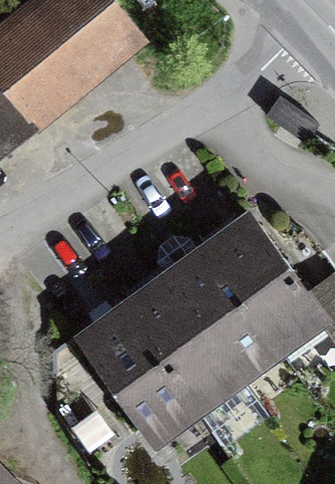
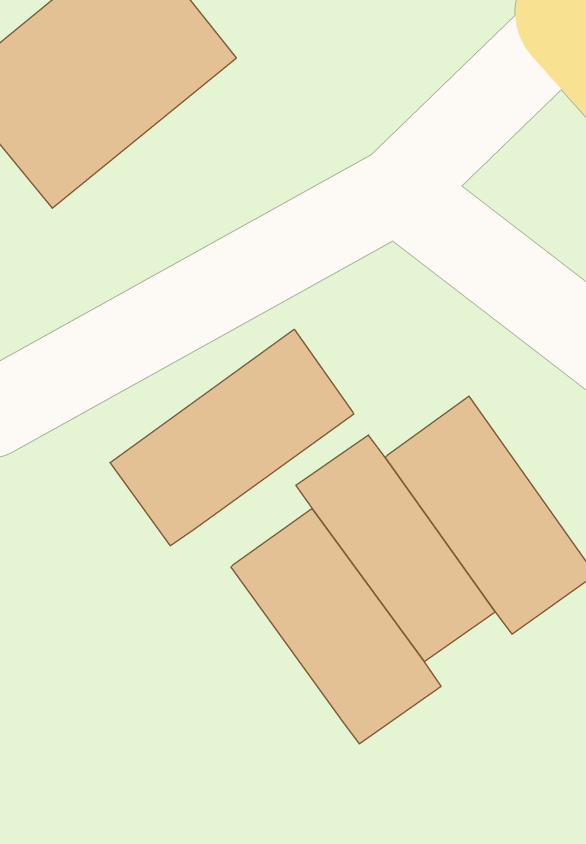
building: none -> [110,329,354,546]
building: [74,305,190,434] -> none

